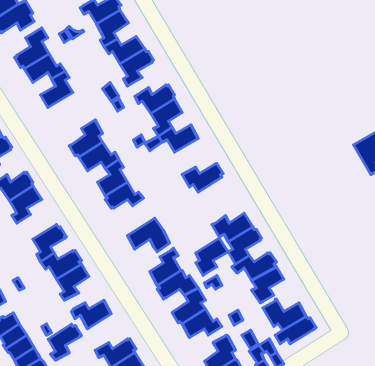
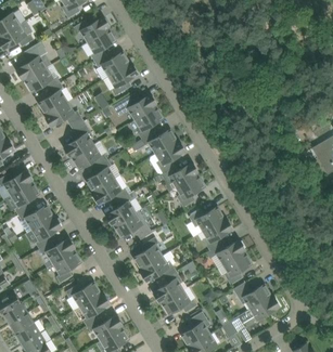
building: none -> [46,102,81,127]
building: none -> [156,142,185,173]
building: none -> [106,194,142,226]
building: none -> [18,206,53,230]
building: [196,238,228,275] -> [177,175,205,208]
building: [48,324,82,360] -> [80,295,110,326]

